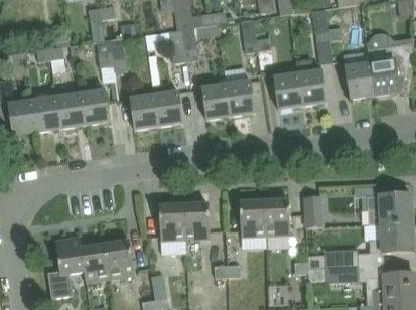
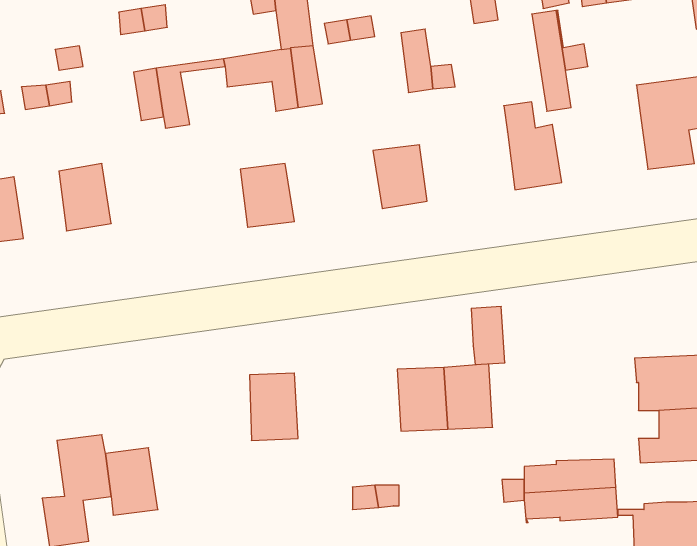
building: [344,63,374,98] -> none
building: [273,73,302,108] -> none
building: [201,84,231,118] -> none
building: [80,87,110,123] -> none
building: [129,94,158,129] -> none
building: [32,95,60,131] -> none
building: [304,195,322,226] -> [471,307,505,365]
building: [183,202,210,239] -> none
building: [105,240,134,277] -> none

